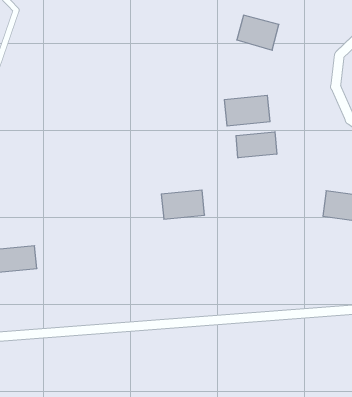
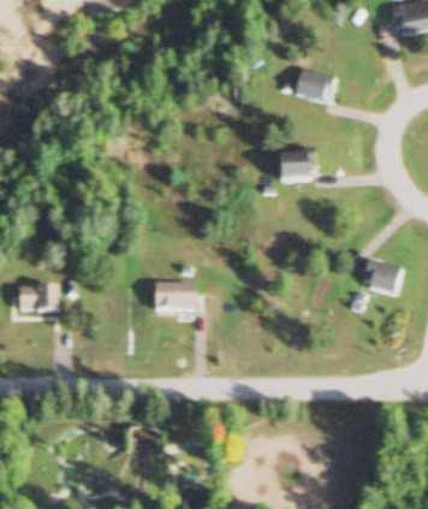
building: [236,132,277,158] -> none
building: [161,190,205,219] -> [151,282,195,308]

